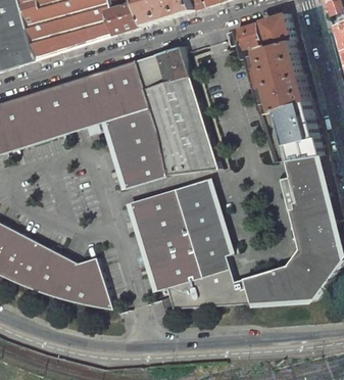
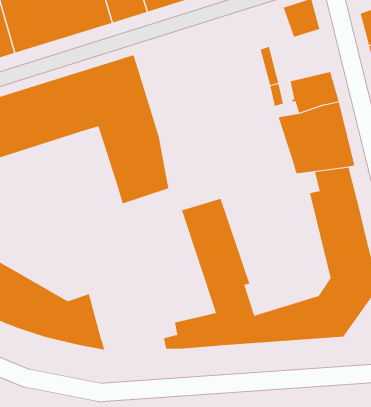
building: [234,21,260,49] -> none
building: [258,38,302,82] -> none
building: [136,45,218,173] -> none
building: [132,191,204,290] -> none

